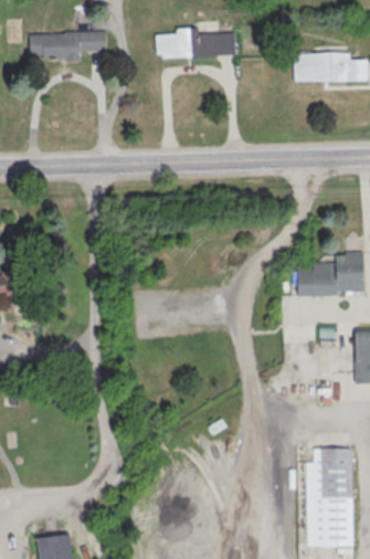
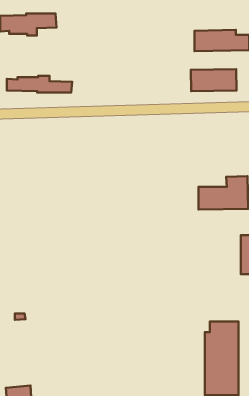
building: [156,27,235,57] -> none
building: none -> [191,69,236,91]
building: none -> [7,76,72,92]

